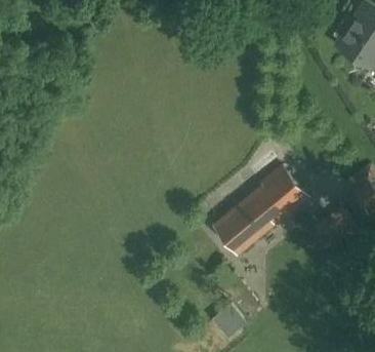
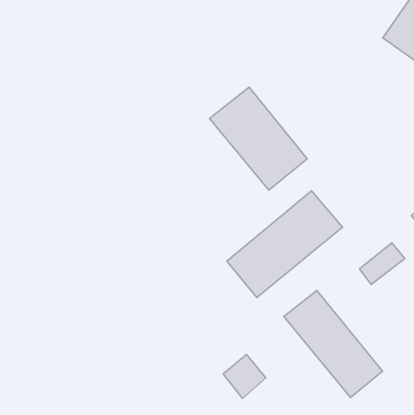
building: none -> [210,87,307,190]
building: none -> [284,291,382,398]

